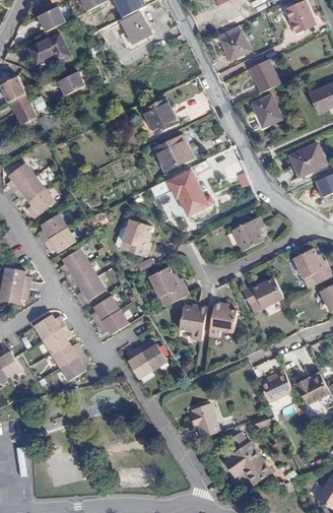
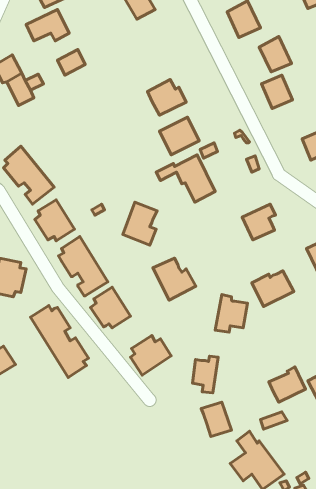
building: [181,305,205,339] -> [192,356,218,393]

